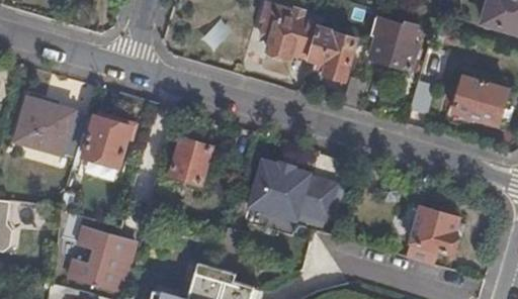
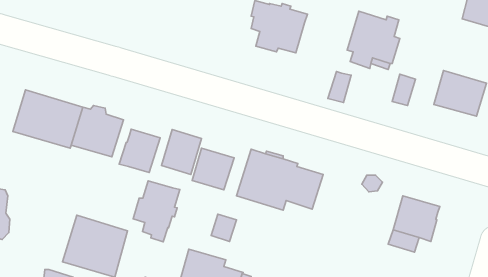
building: [310,26,357,79] -> none
building: none -> [119,129,160,173]
building: none -> [192,148,234,190]
building: none -> [133,181,180,242]

